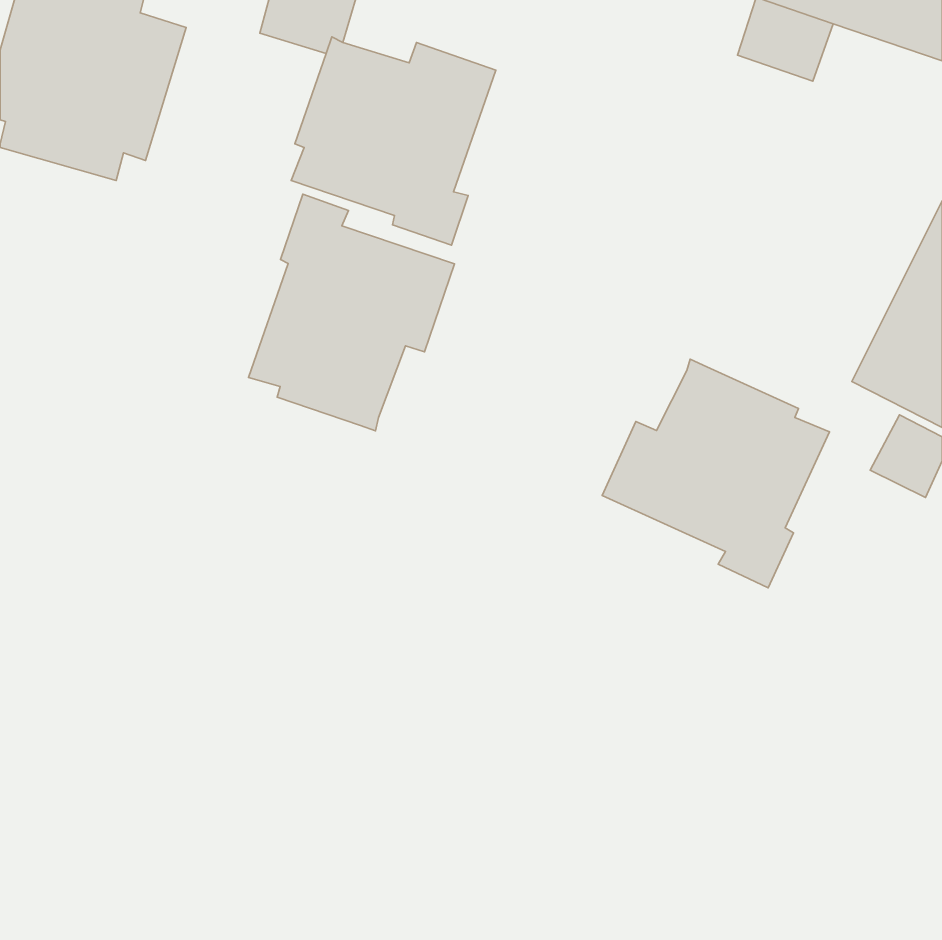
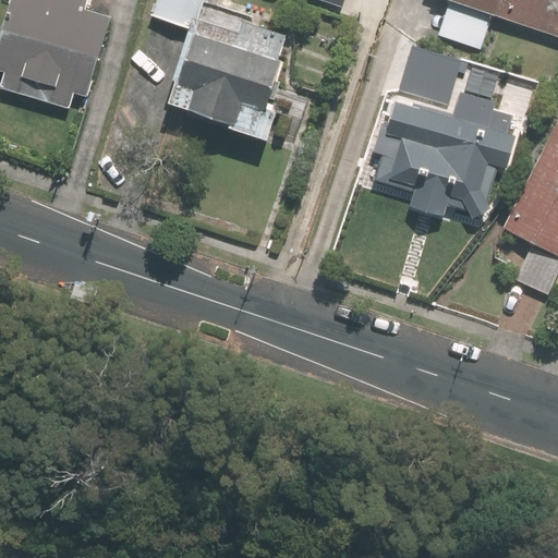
building: none -> [369,46,514,215]
building: [249,194,454,431] -> none
building: [602,359,830,588] -> none

